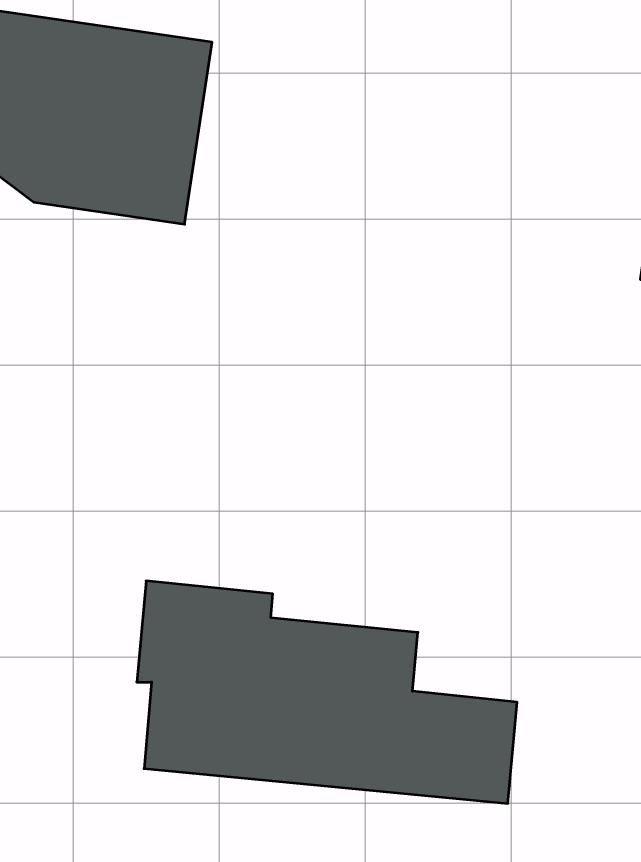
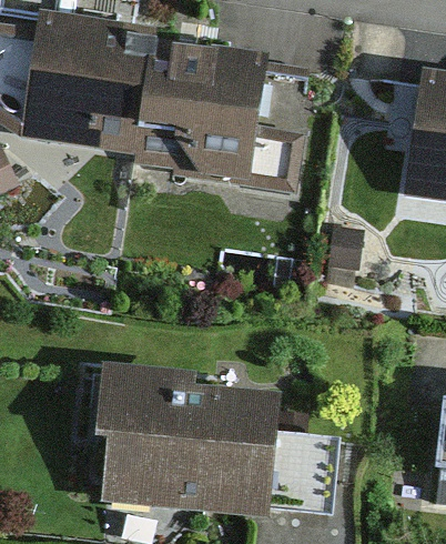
building: none -> [130,38,286,168]

